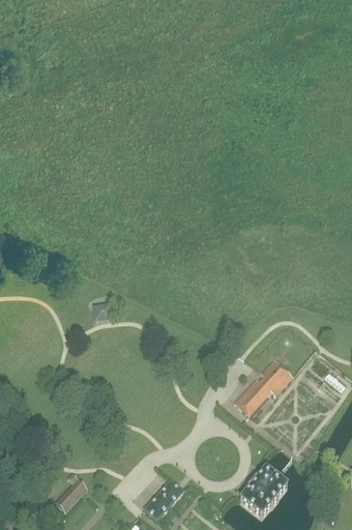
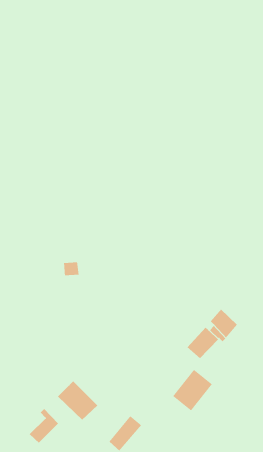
building: none -> [57,380,98,421]
building: [240,468,287,517] -> [172,369,213,411]

